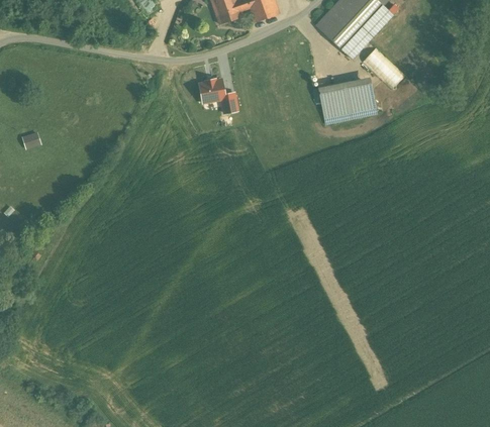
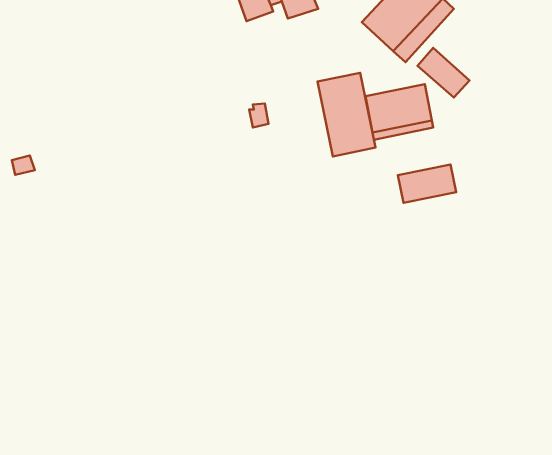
building: none -> [318,73,375,157]
building: [199,79,225,102] -> none
building: none -> [398,165,456,203]

